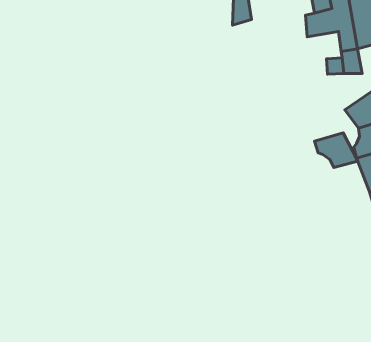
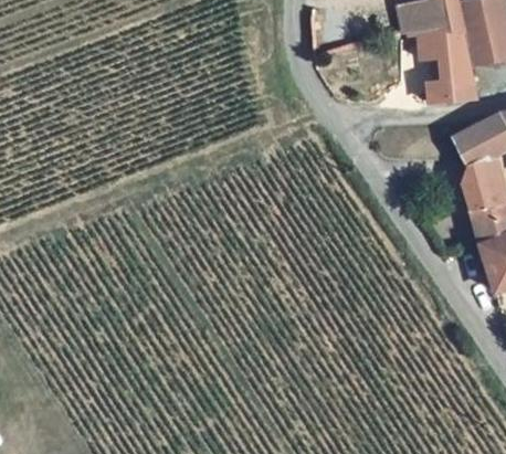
building: [314,133,358,168] -> none

